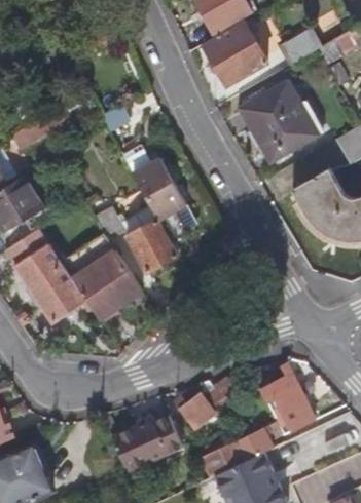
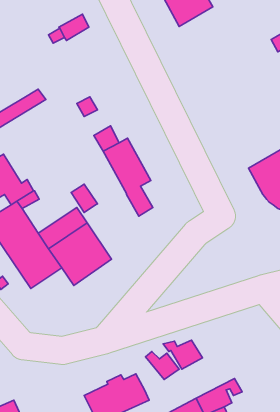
building: [203,17,265,86] -> none
building: [277,28,321,65] -> none
building: [240,81,312,161] -> none
building: [127,219,177,272] -> none
building: [259,363,315,431] -> none

